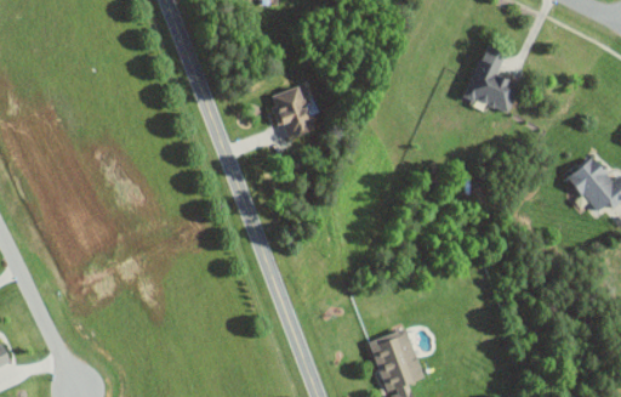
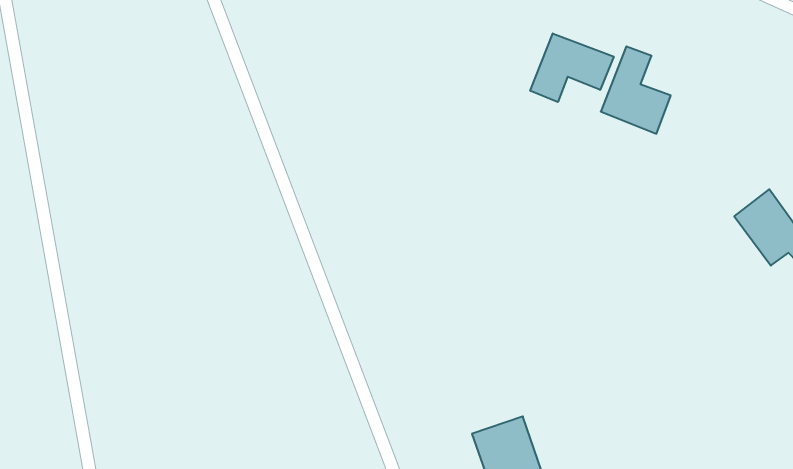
building: none -> [530,33,614,102]
building: [268,84,315,140] -> none

